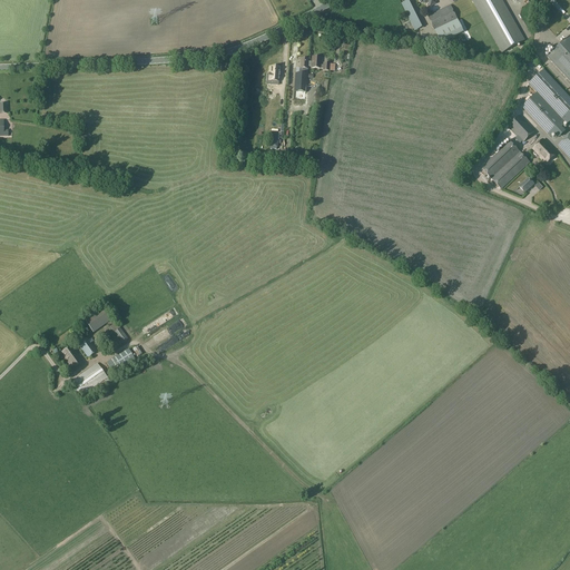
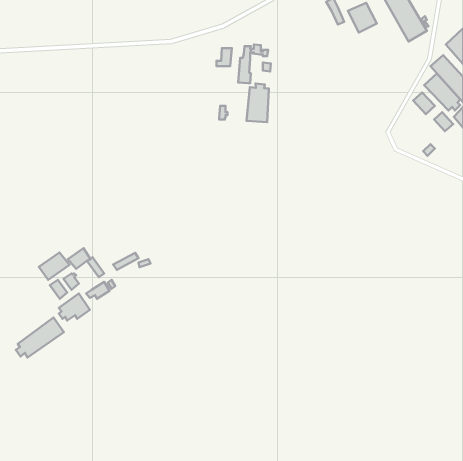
building: none -> [247,83,269,122]
building: [481,139,530,188] -> none
building: none -> [39,253,69,280]
building: none -> [16,317,64,357]

